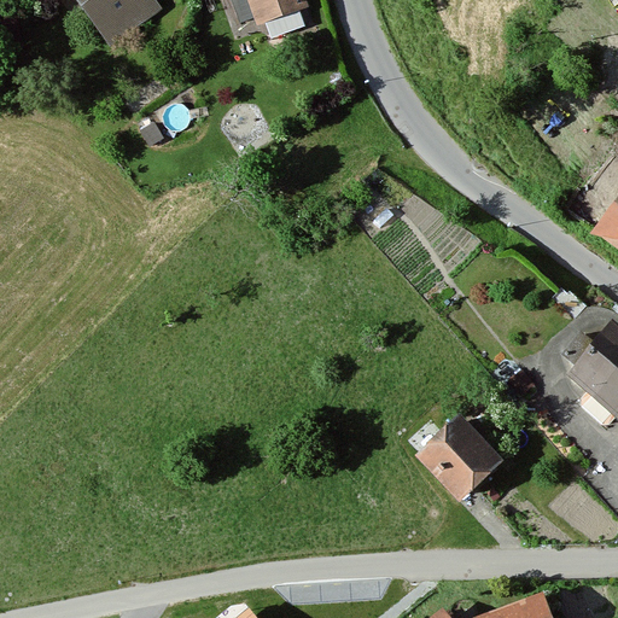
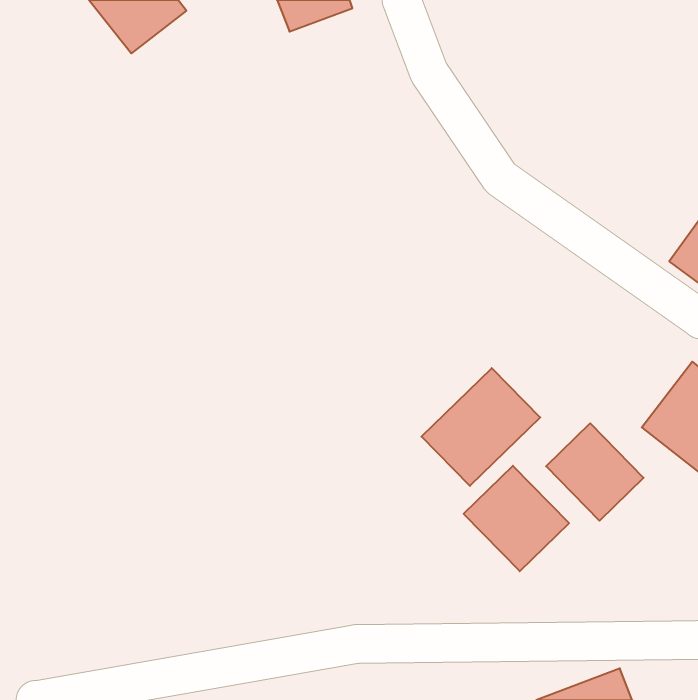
building: none -> [421,368,540,486]
building: none -> [546,423,644,521]

